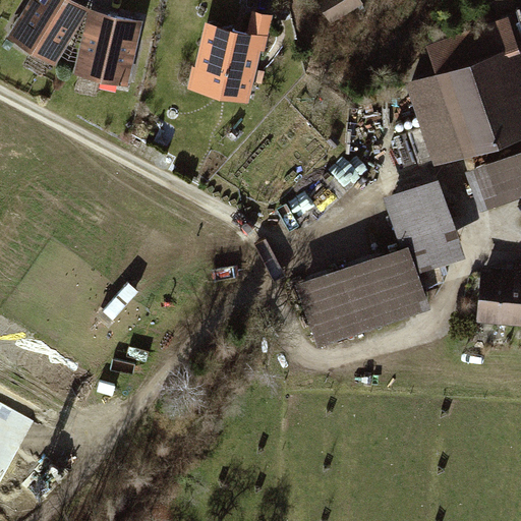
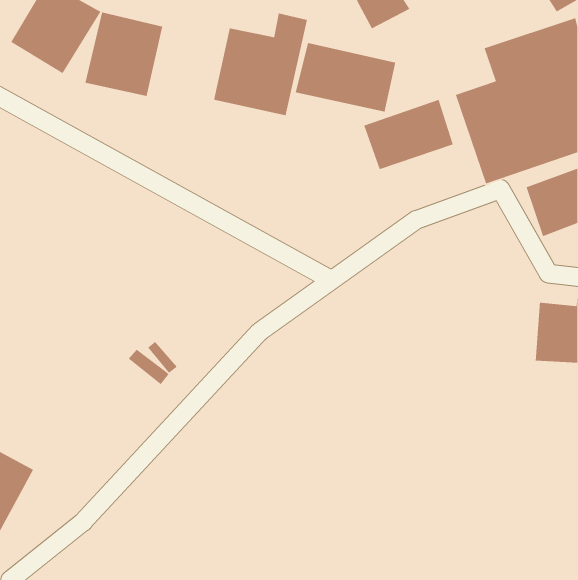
building: none -> [295,42,396,113]
building: none -> [363,99,454,170]
building: [297,179,467,347] -> none

